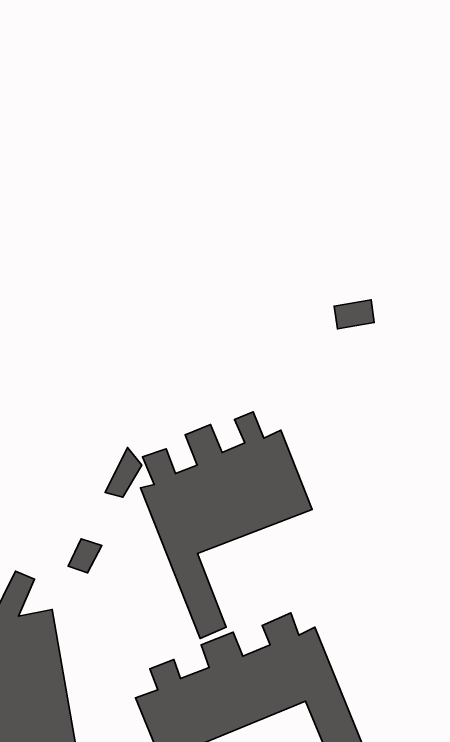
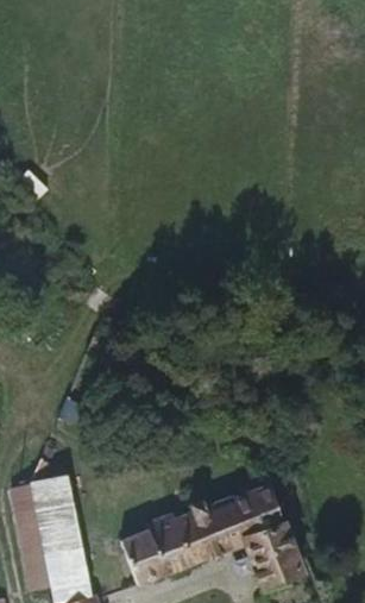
building: [141,412,312,638] -> none

